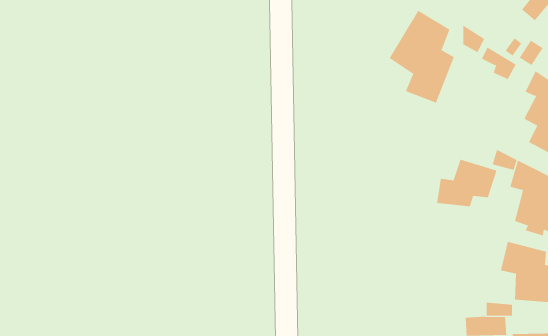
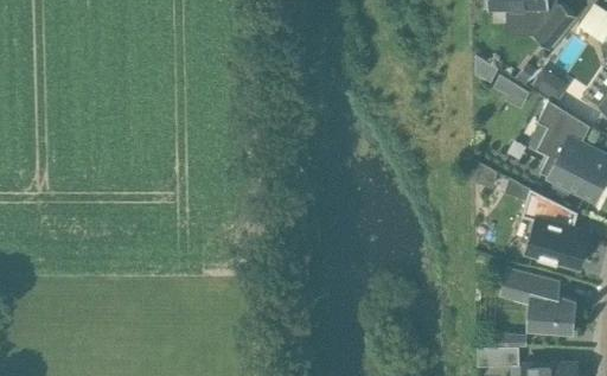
building: [389,10,454,103] -> none
building: [437,159,497,207] -> none

